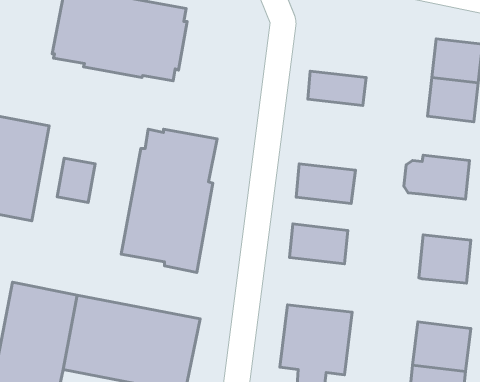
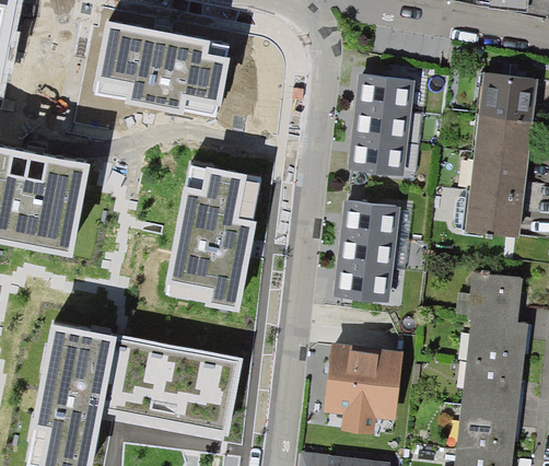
building: none -> [355,74,416,114]
building: none -> [349,136,409,175]
building: none -> [470,153,522,198]
building: [57,158,95,203] -> none
building: none -> [338,235,397,269]
building: none -> [465,318,523,369]

